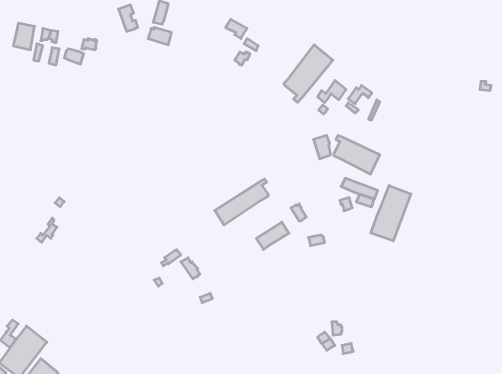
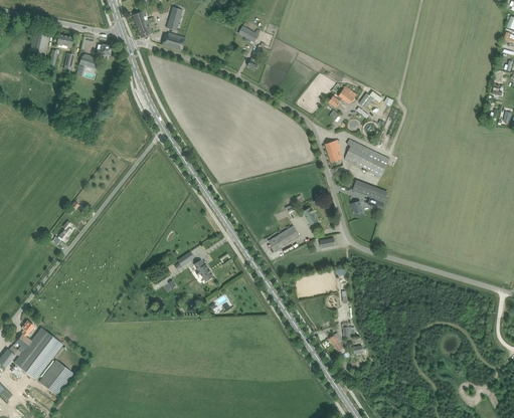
building: [284,45,333,102] -> none
building: [215,179,268,225] -> none
building: [371,185,411,241] -> none

